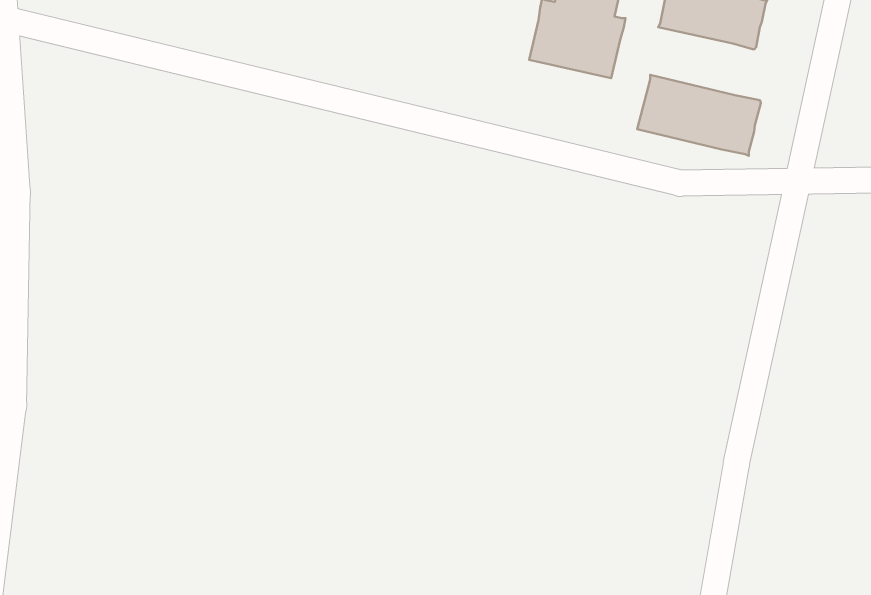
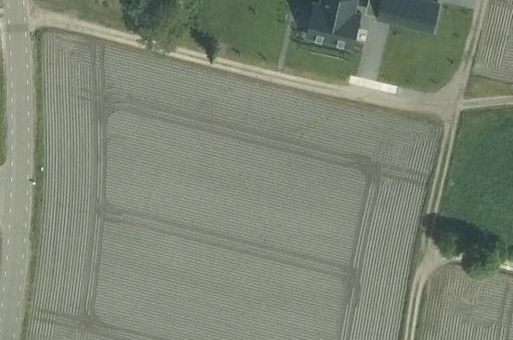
building: [637,75,761,156] -> none

